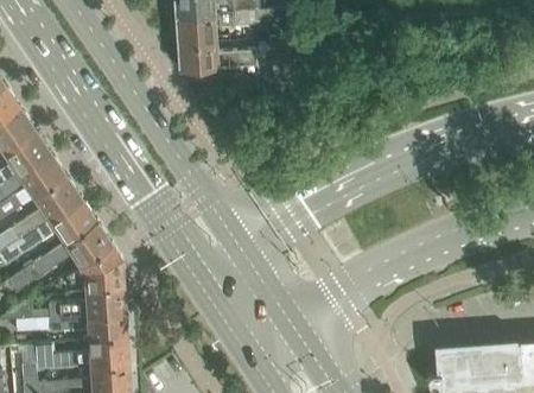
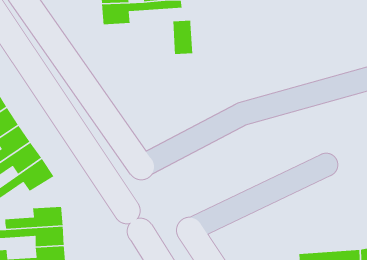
building: [177,43,255,70] -> none
building: [66,246,122,289] -> none

